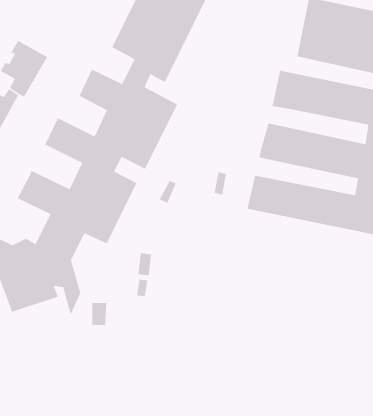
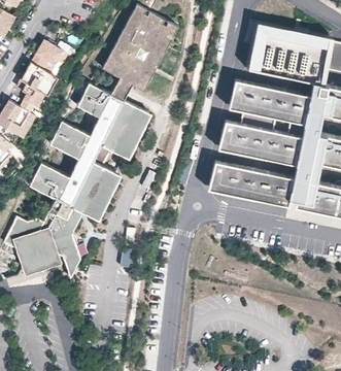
building: none -> [31,36,68,74]

